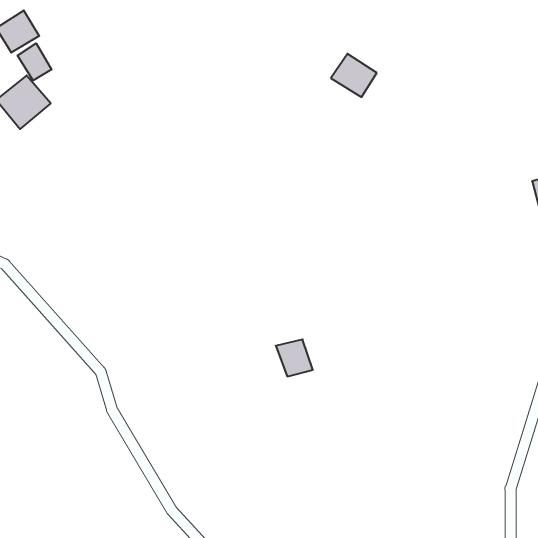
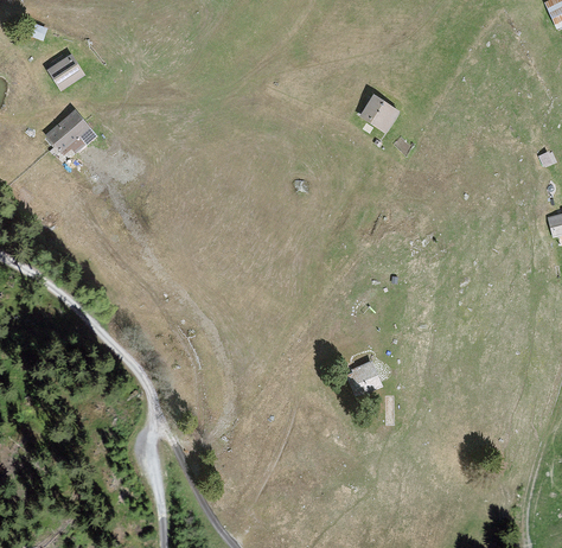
building: [18,43,52,81] -> none
building: [276,339,313,376] -> [349,361,383,395]

